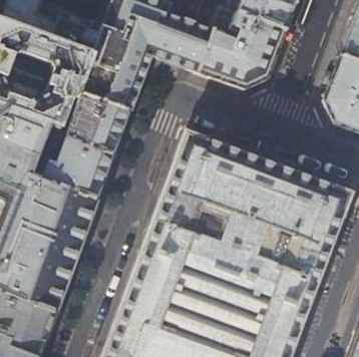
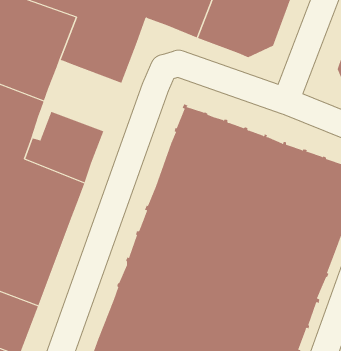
building: [58,92,130,153] -> none

